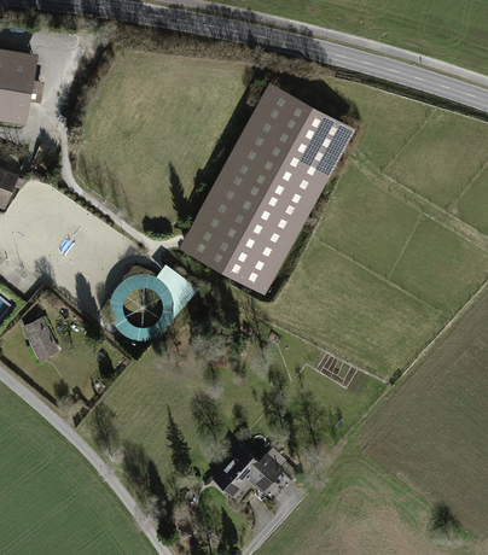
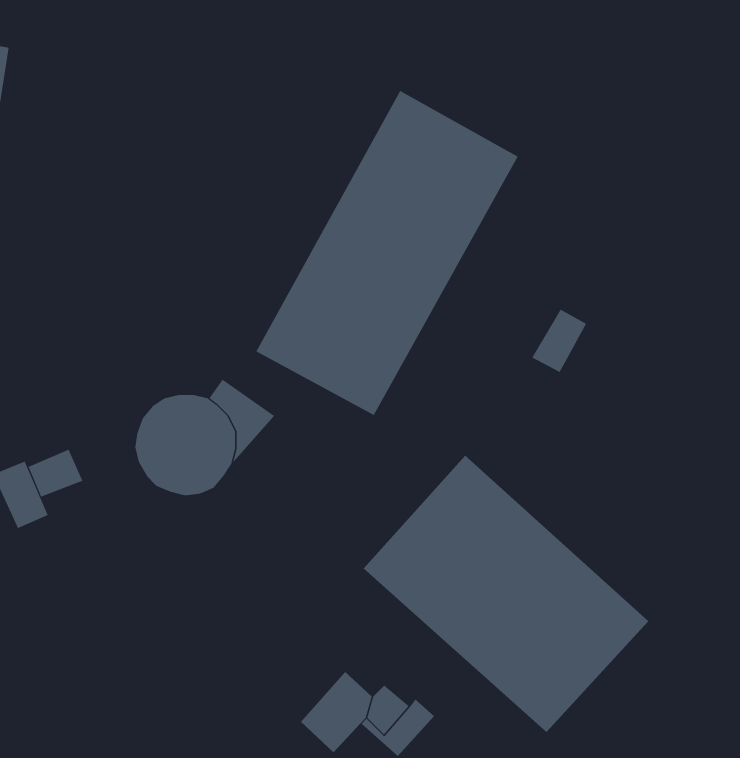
building: none -> [532,309,587,373]
building: none -> [28,449,83,497]
building: none -> [363,455,649,733]

